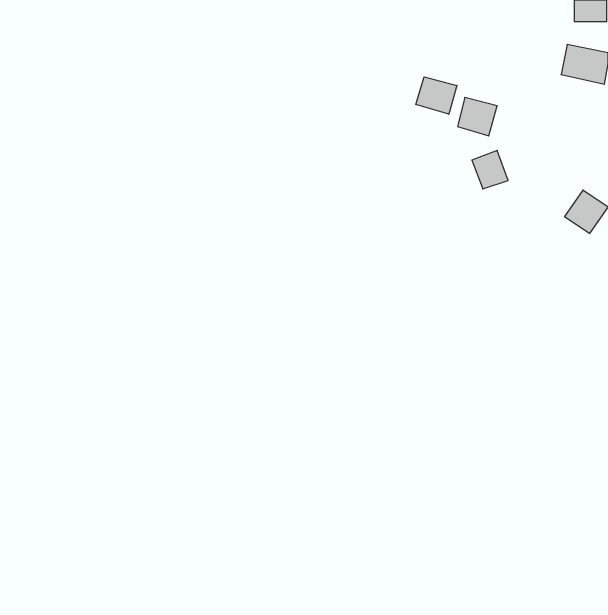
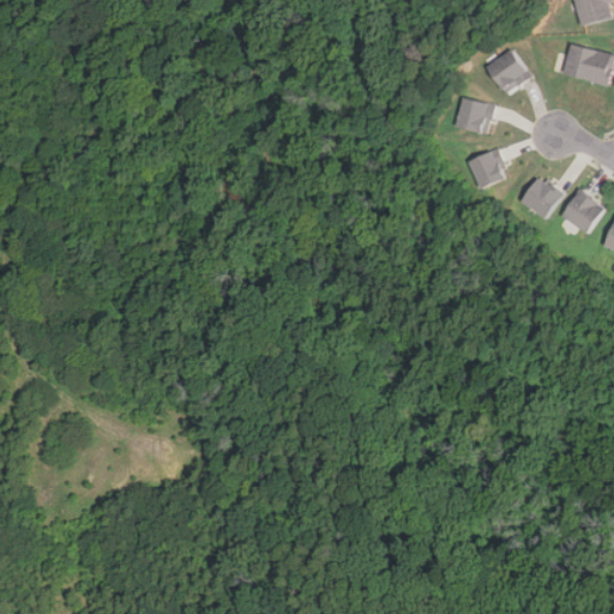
building: none -> [482,49,525,94]
building: [416,77,457,114] -> none
building: none -> [523,175,565,219]

